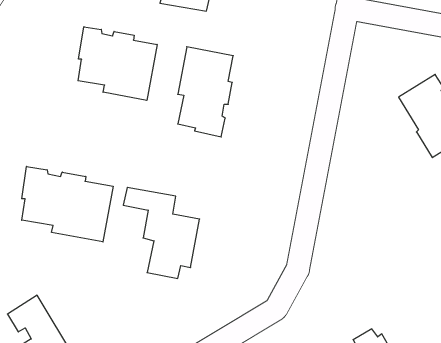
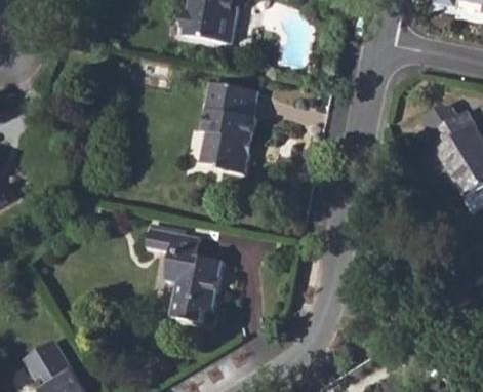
building: [78,27,157,100] -> none
building: [22,166,113,242] -> none

